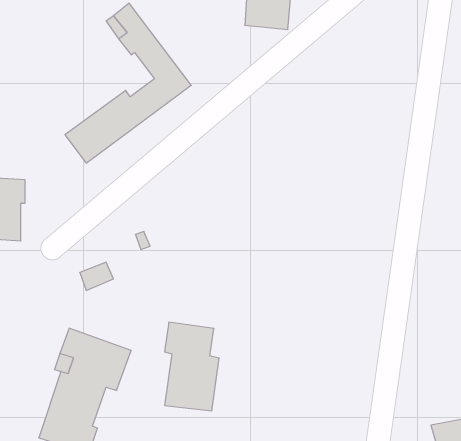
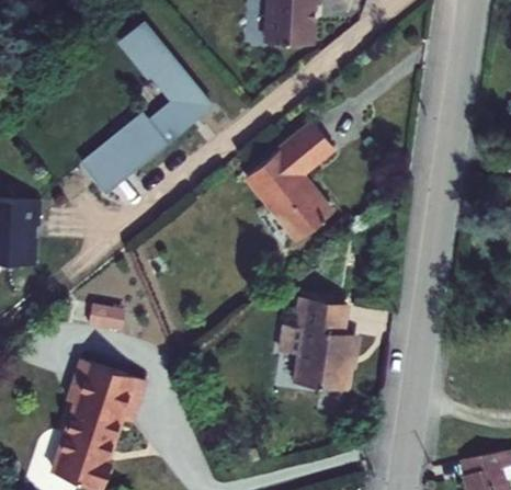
building: none -> [246,123,333,241]
building: [165,322,219,411] -> [297,299,354,391]

